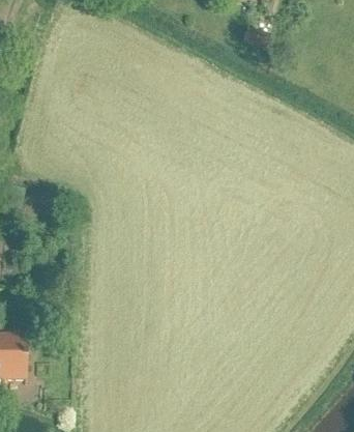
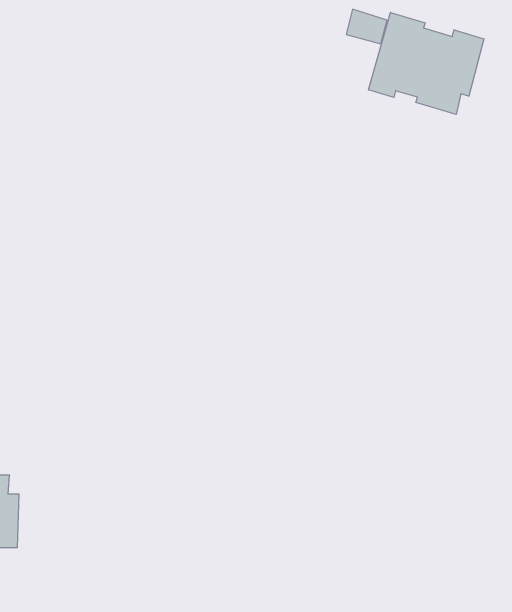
building: none -> [369,12,484,114]

